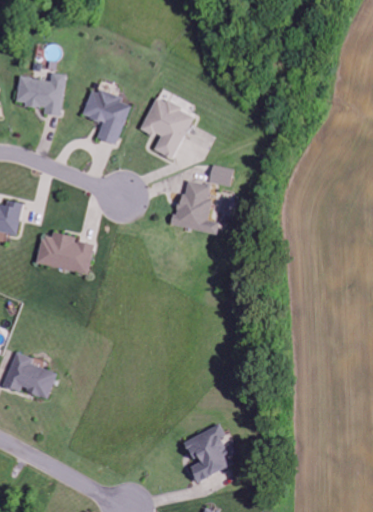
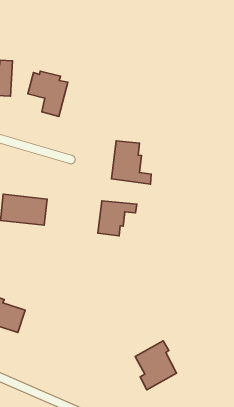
building: [140,96,193,159] -> none
building: [207,164,233,187] -> none
building: none -> [98,201,137,236]

